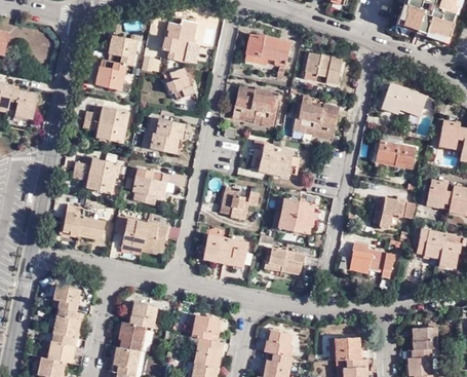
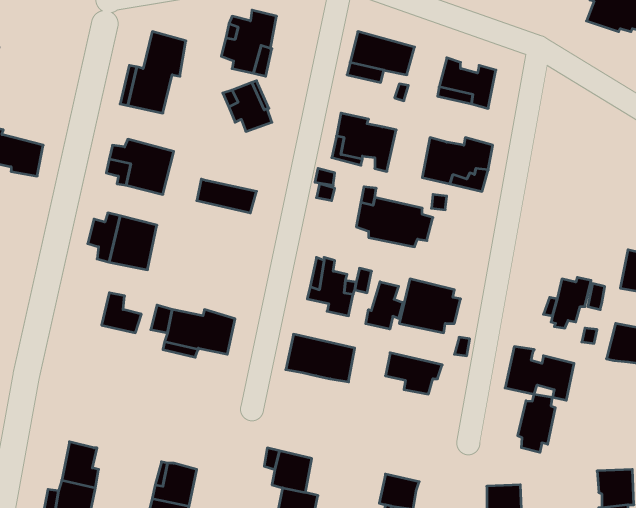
building: [379,84,424,117] -> none
building: [149,116,189,141] -> none
building: [377,141,417,172] -> none
building: [133,166,166,202] -> none
building: none -> [366,282,403,329]
building: [63,204,84,236] -> none
building: none -> [518,394,555,452]
building: [51,282,79,311] -> none
building: [127,301,155,327] -> none

